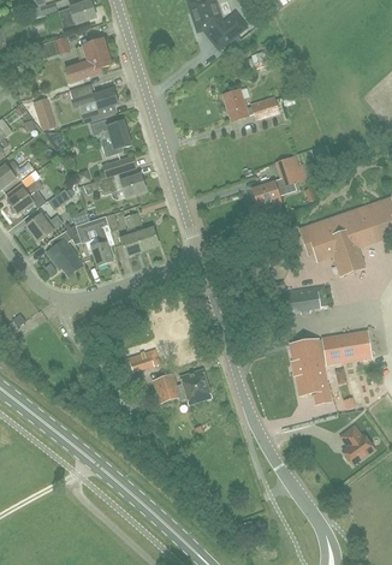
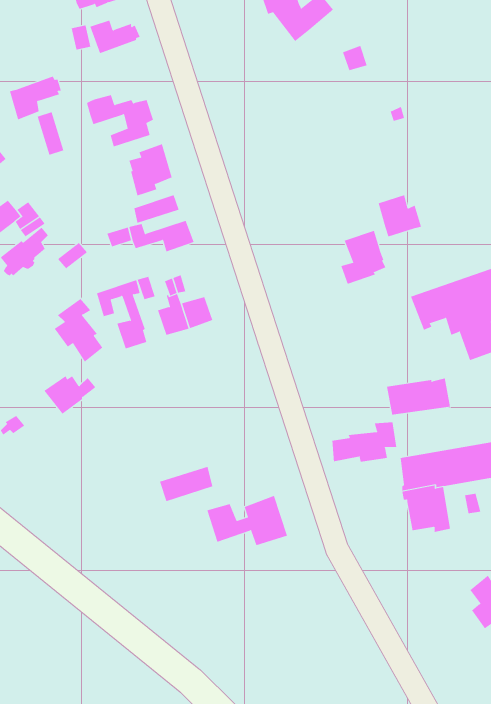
building: [73,47,111,78] -> [9,76,62,120]
building: [222,89,279,120] -> none
building: [25,214,63,242] -> [44,375,96,414]
building: none -> [332,421,397,462]

